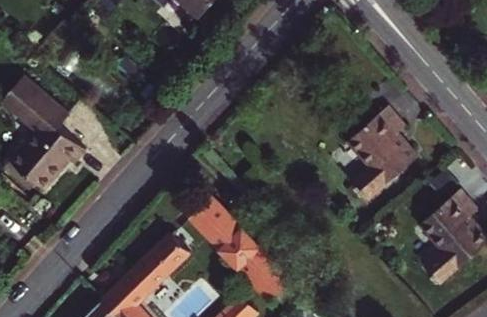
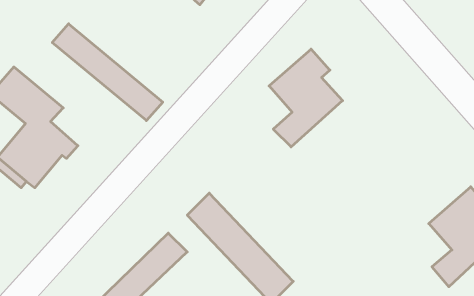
building: none -> [52,24,163,121]
building: [346,106,416,199] -> [269,49,343,147]

